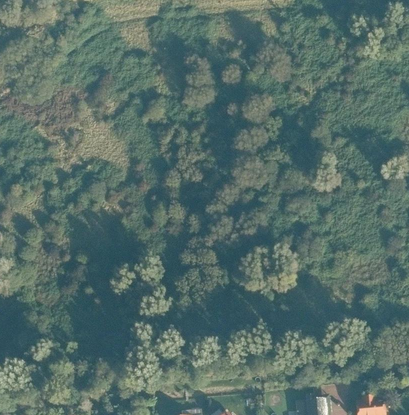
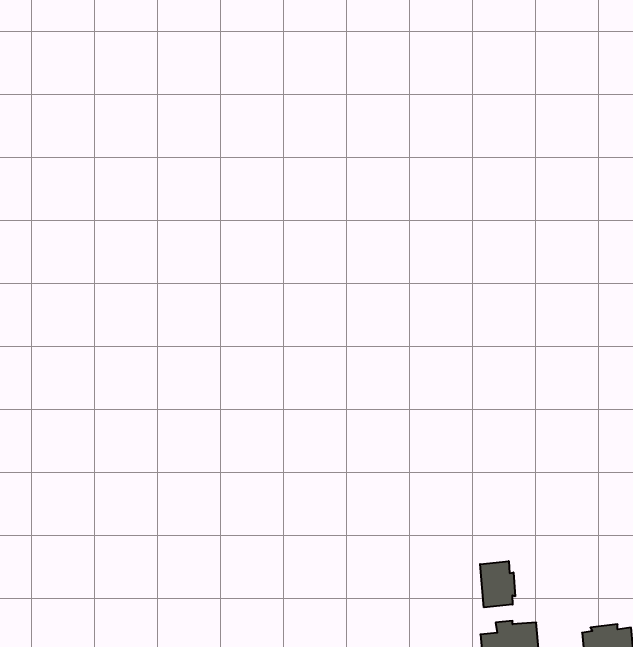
building: none -> [480,561,515,607]

